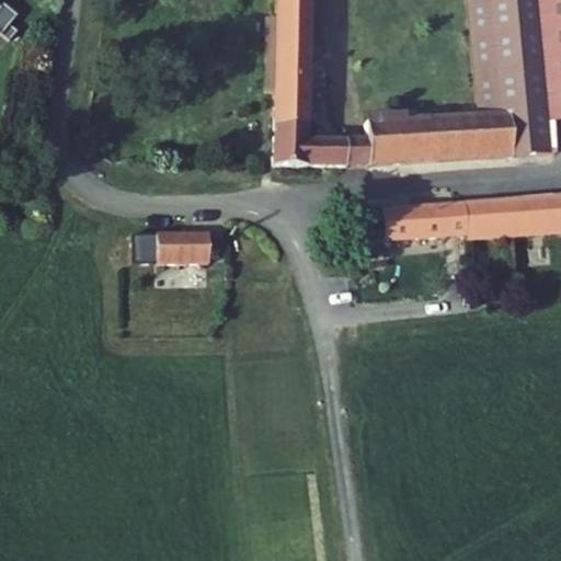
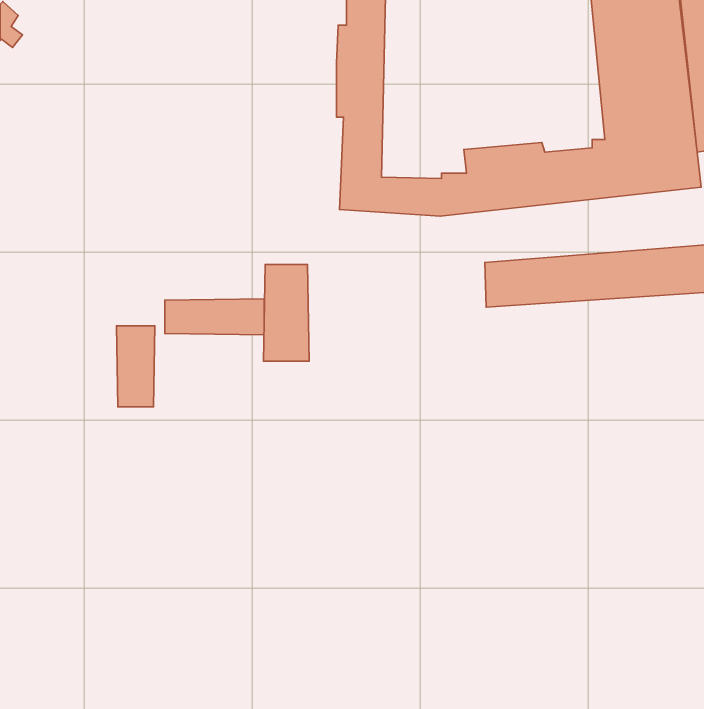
building: none -> [264,264,309,361]
building: none -> [117,326,155,407]

